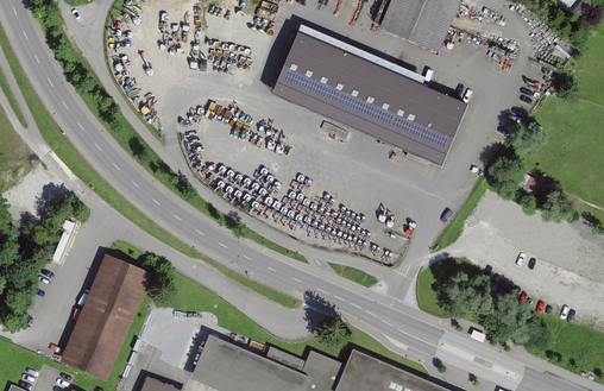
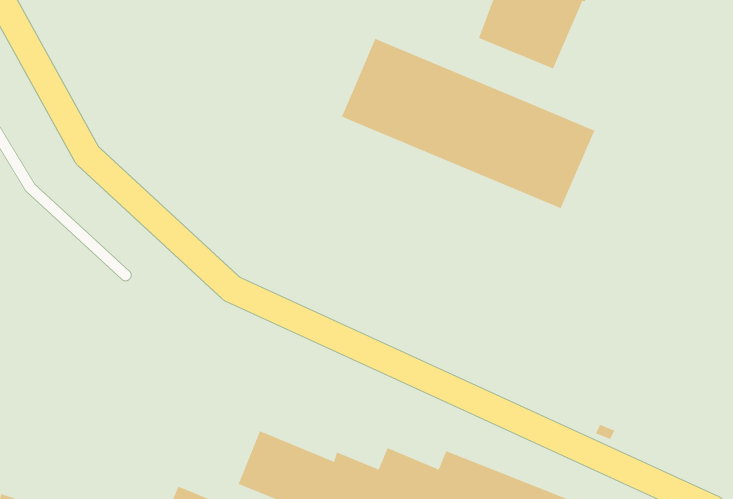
building: [64,257,153,378] -> none

